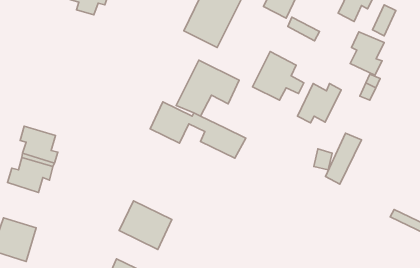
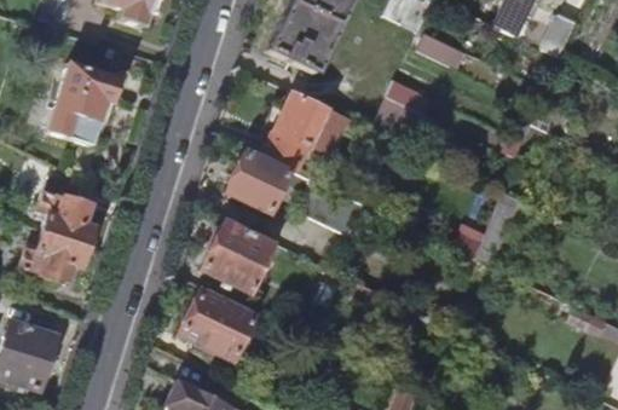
building: [350,32,384,75] -> none
building: none -> [58,64,120,129]
building: [298,83,341,123] -> none
building: none -> [201,224,270,294]

